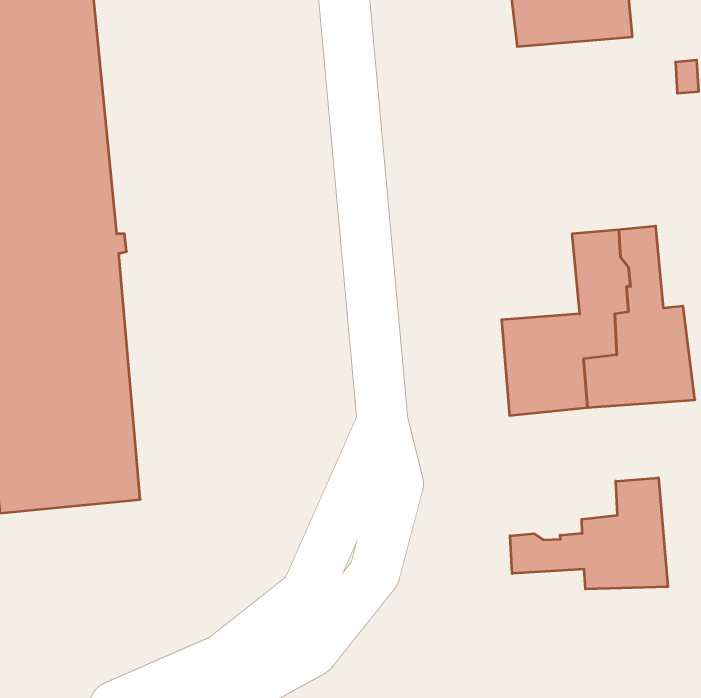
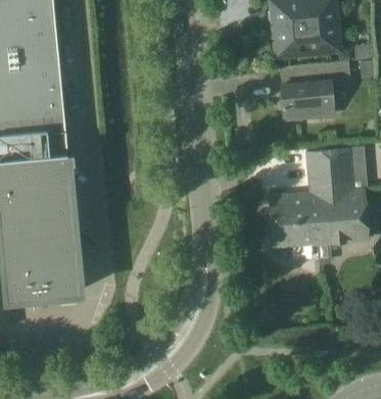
building: none -> [280,61,350,120]
building: [510,478,668,589] -> none

